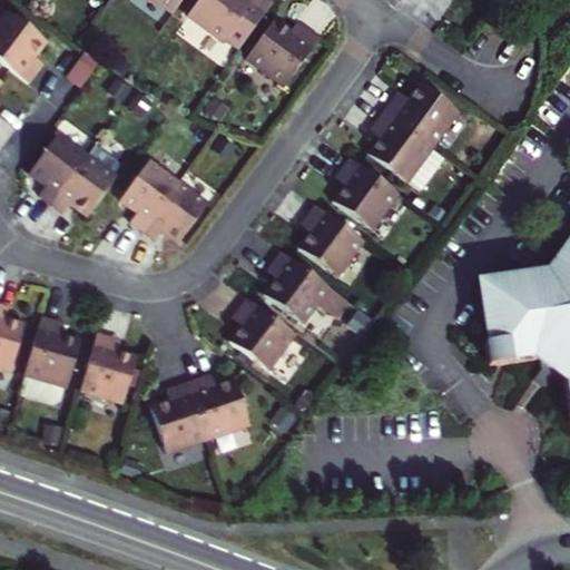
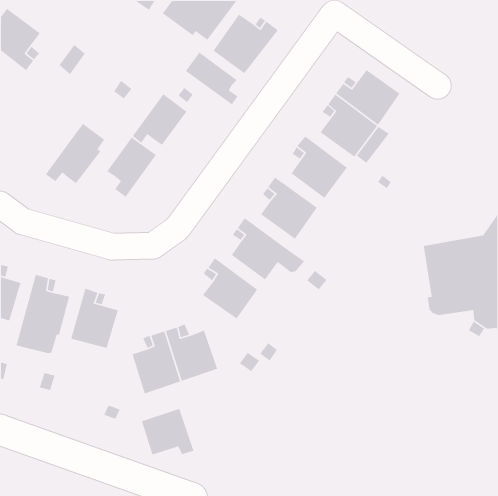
building: none -> [185,52,239,106]
building: [30,131,87,202] -> none
building: [144,179,207,239] -> [132,93,187,146]
building: none -> [141,408,195,456]

